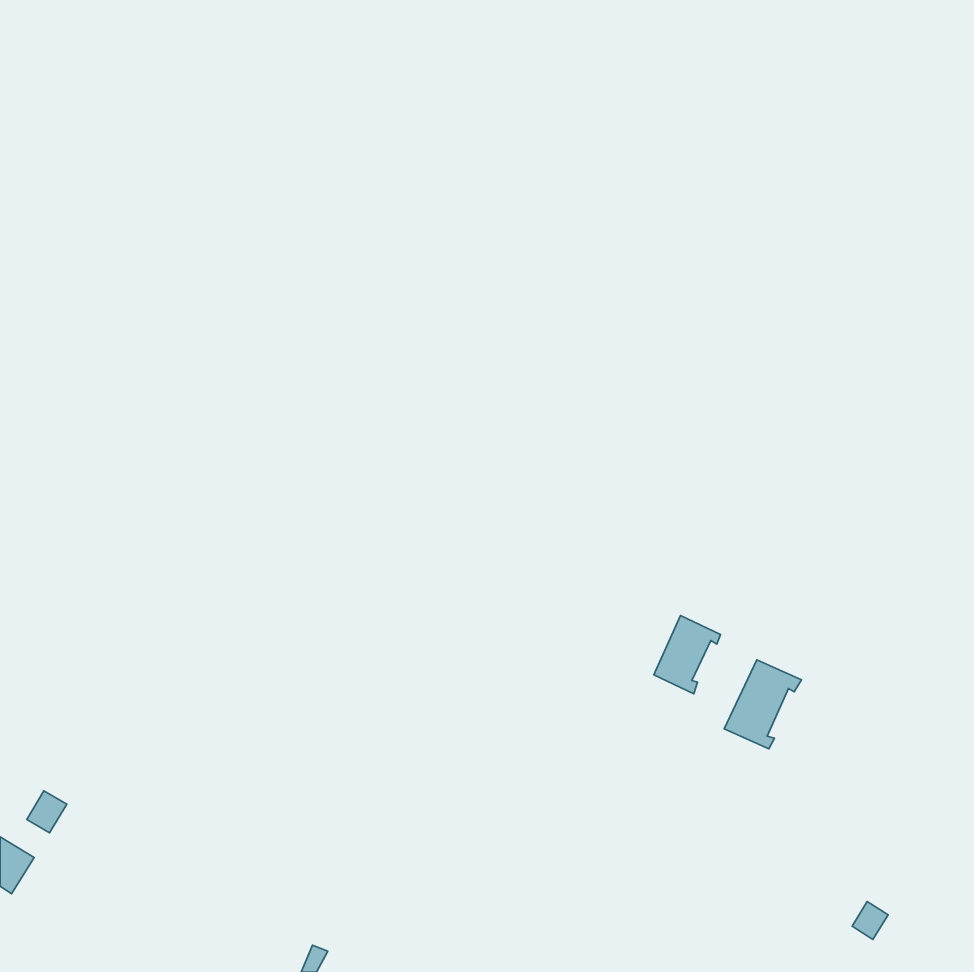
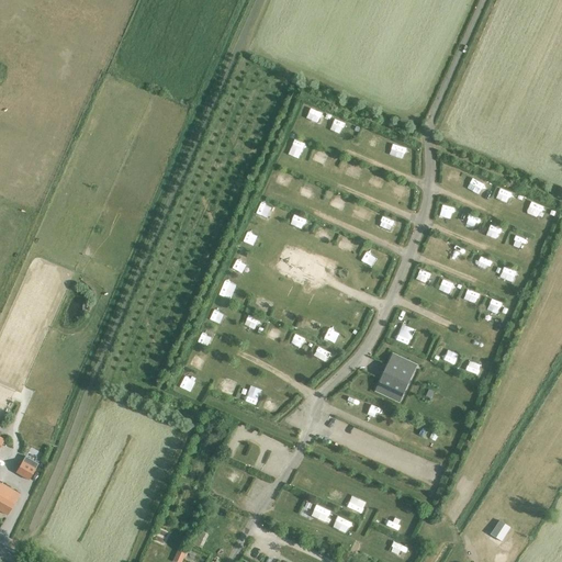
building: [724,660,801,749] -> none

